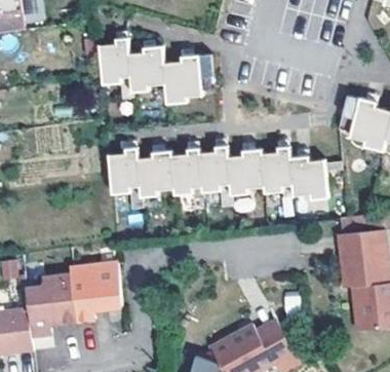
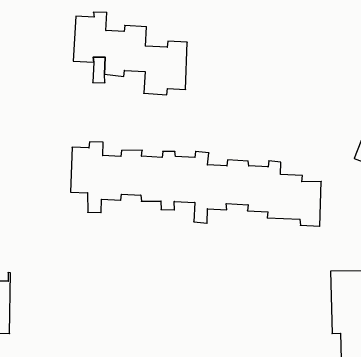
building: [70,262,120,319] -> none

